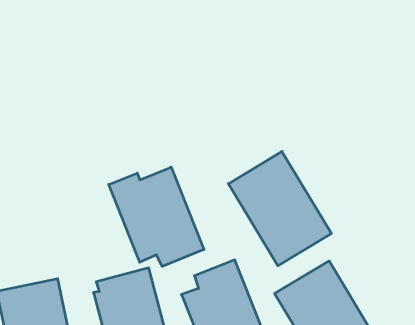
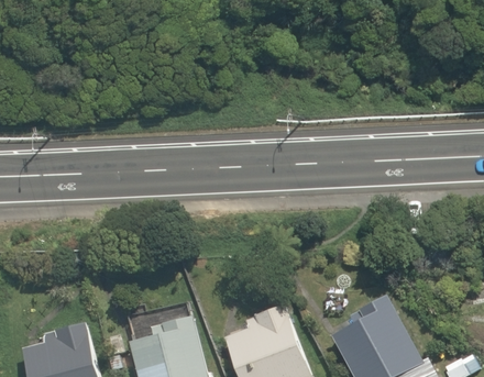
building: [228,151,331,266] -> none
building: [109,167,204,266] -> none

